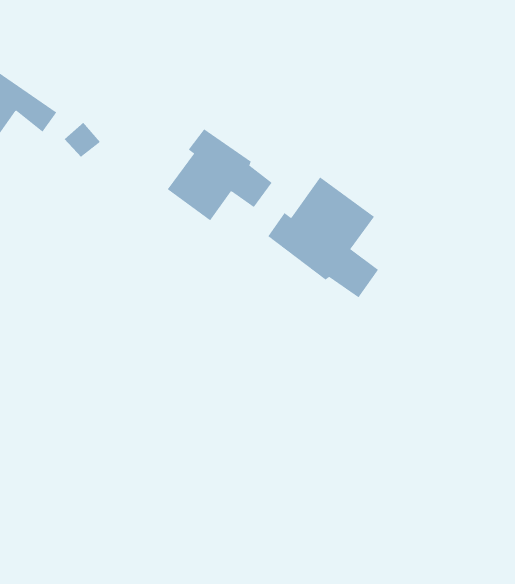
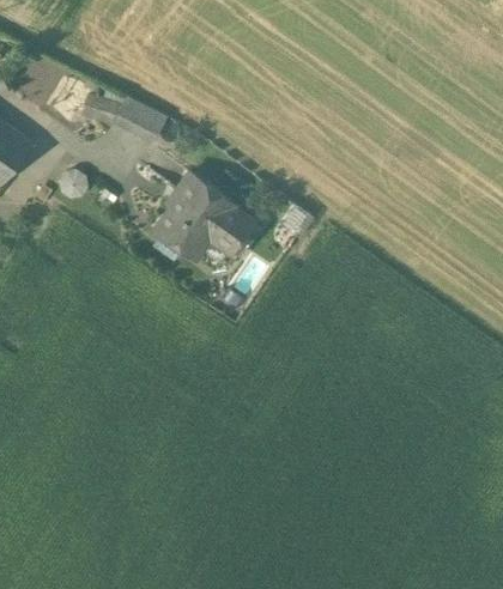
building: none -> [85,84,171,147]
building: [267,177,379,298] -> none

